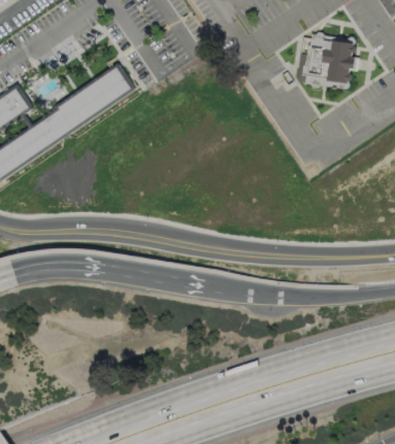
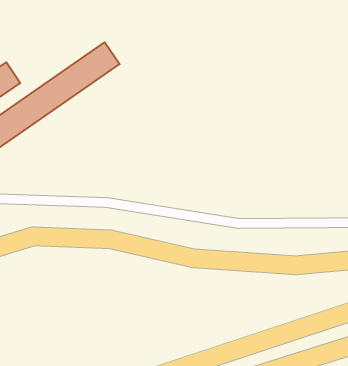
building: [301,34,357,91] -> none

